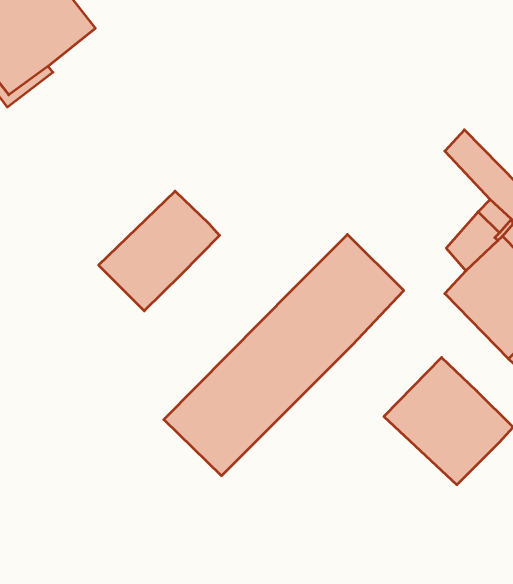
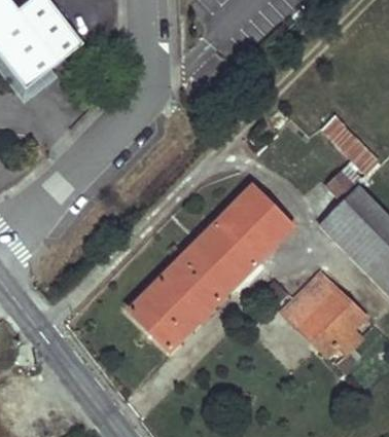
building: [99,191,220,311] -> none

